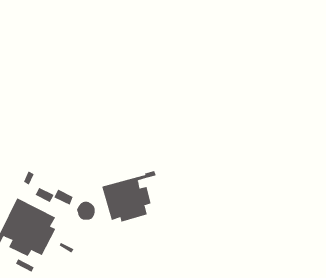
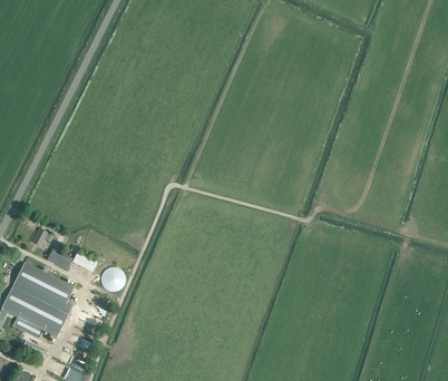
building: [102,170,156,222] -> none

